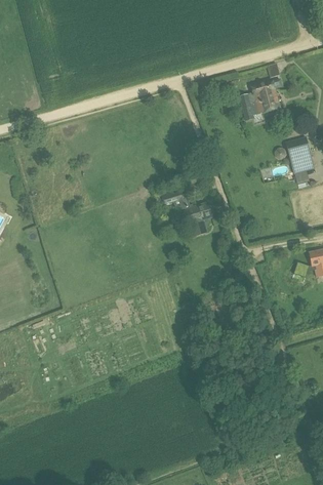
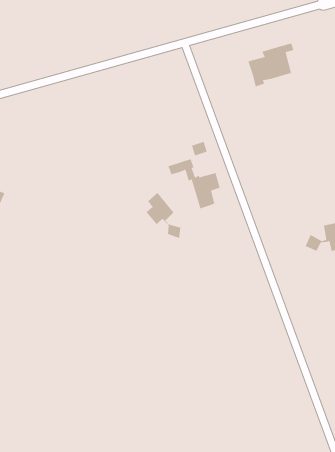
building: [286,136,315,172] -> none
building: none -> [146,192,181,239]

